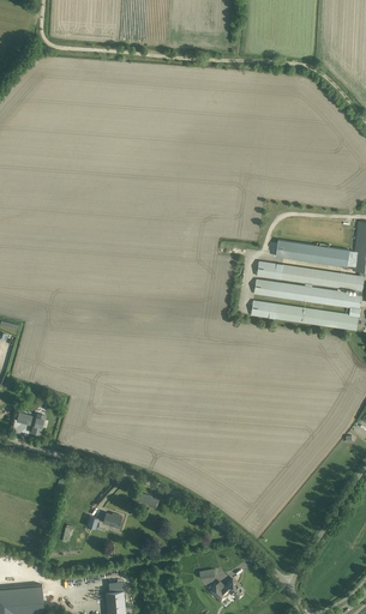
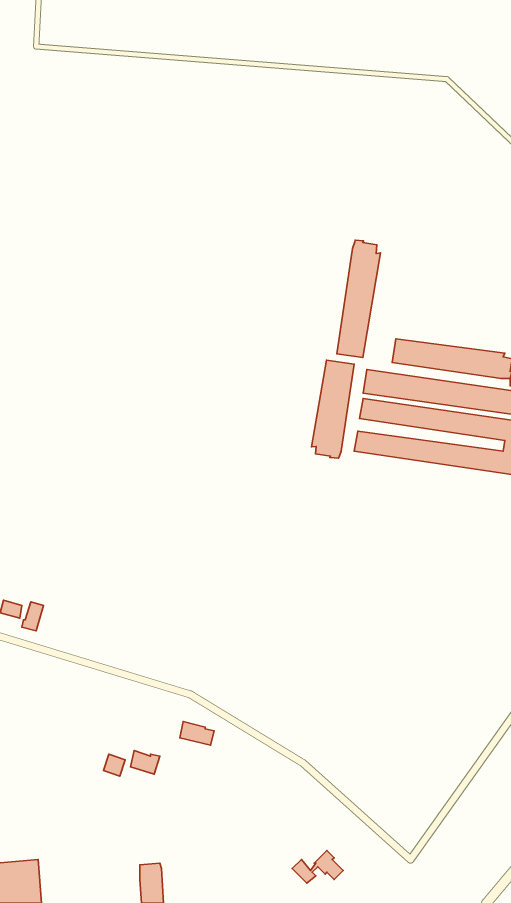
building: none -> [337,240,380,357]
building: none -> [311,360,354,458]

